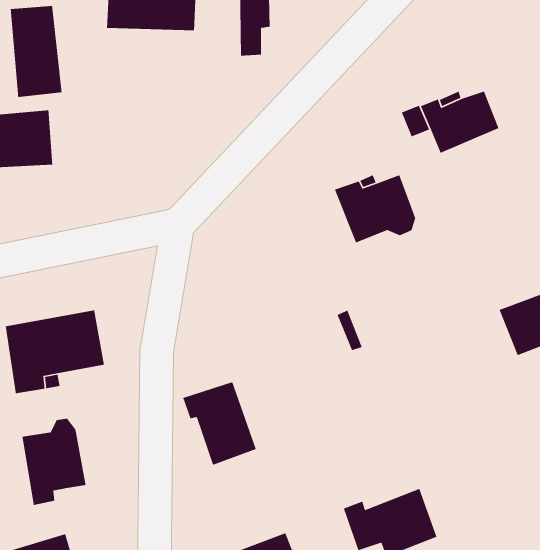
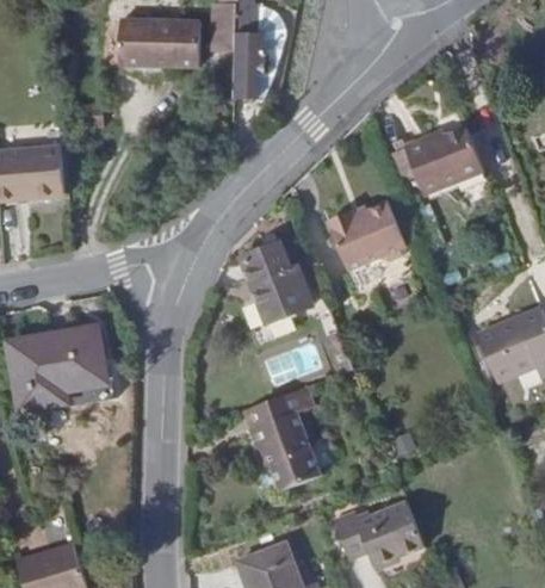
building: [10,5,62,98] -> none
building: none -> [244,240,312,318]
building: [182,381,257,466] -> [254,406,324,485]
building: [21,418,87,506] -> none

